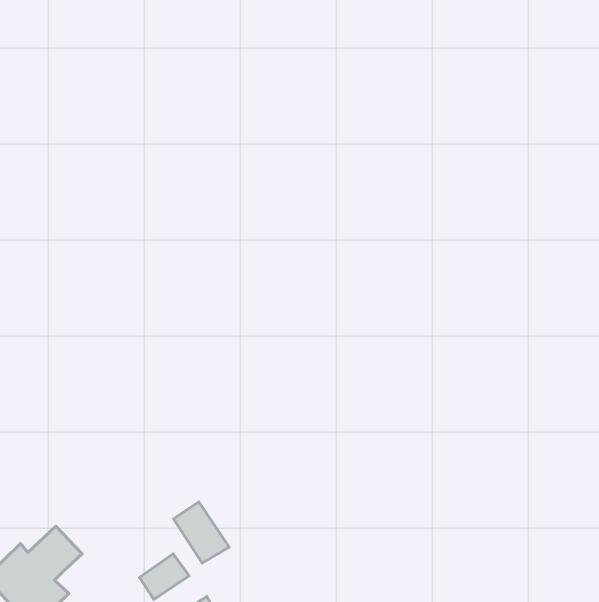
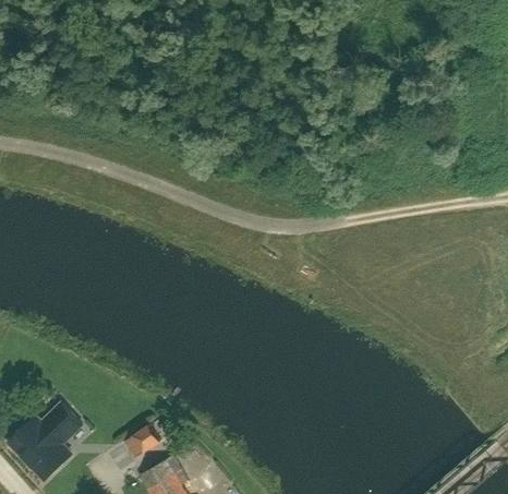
building: [173,502,229,563] -> none

